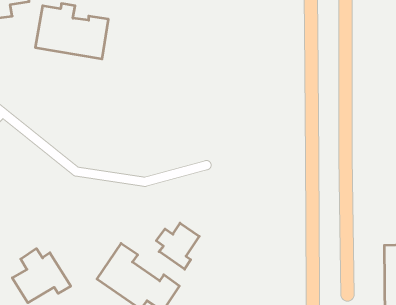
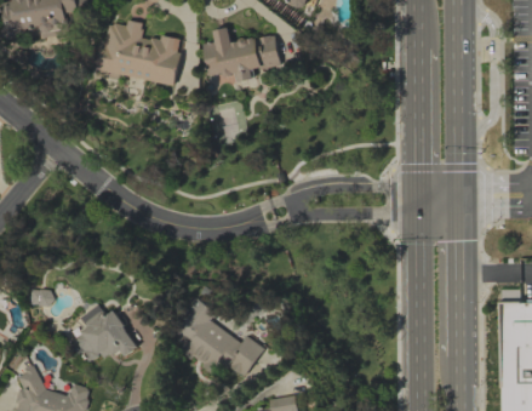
building: none -> [200,27,280,81]
building: [156,223,199,269] -> none

